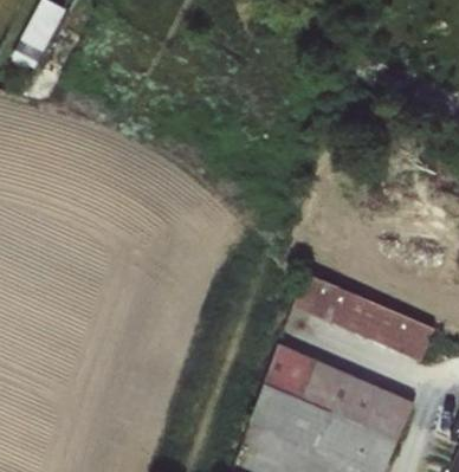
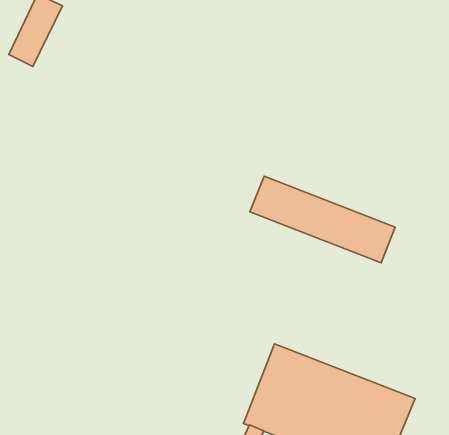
building: [291,274,435,361] -> [250,176,395,263]

